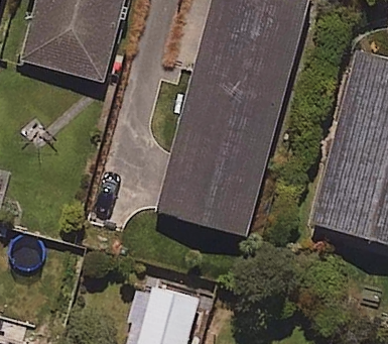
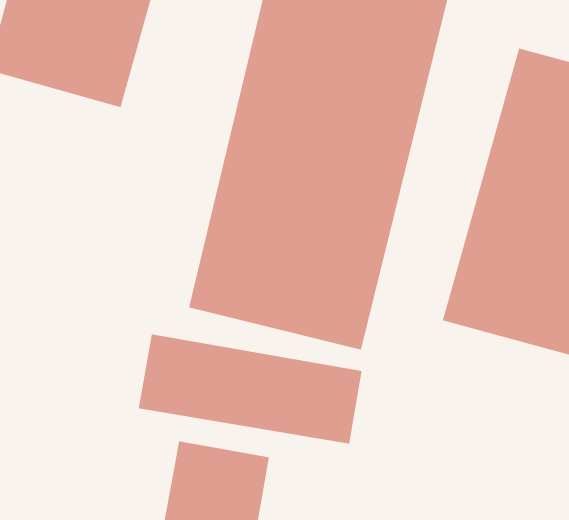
building: none -> [138,334,362,445]

